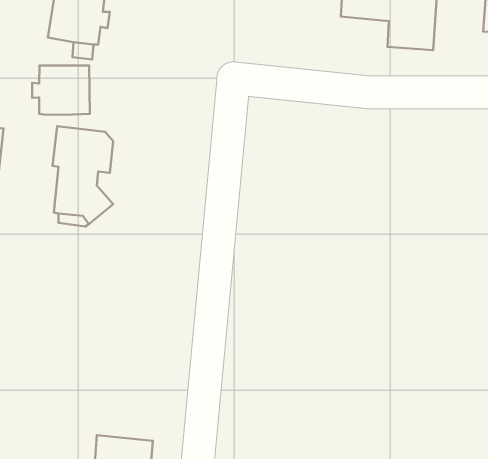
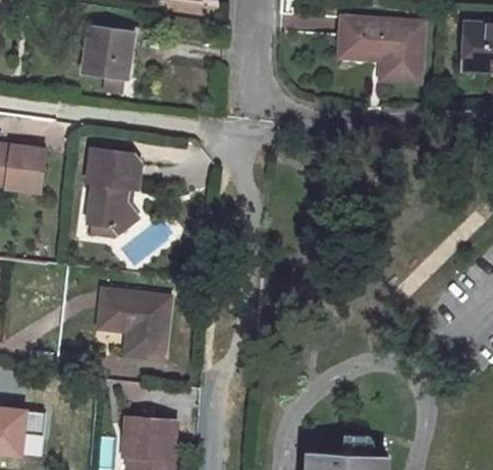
building: [32,65,90,115] -> none
building: none -> [98,291,169,360]

